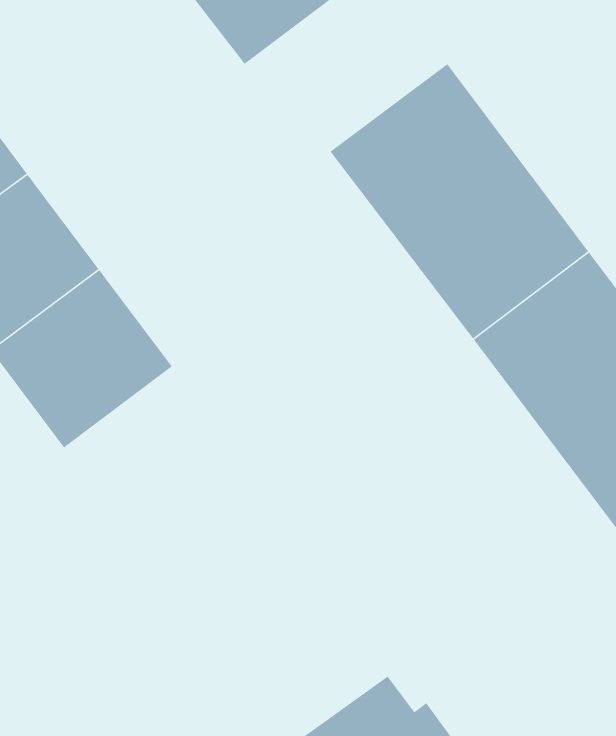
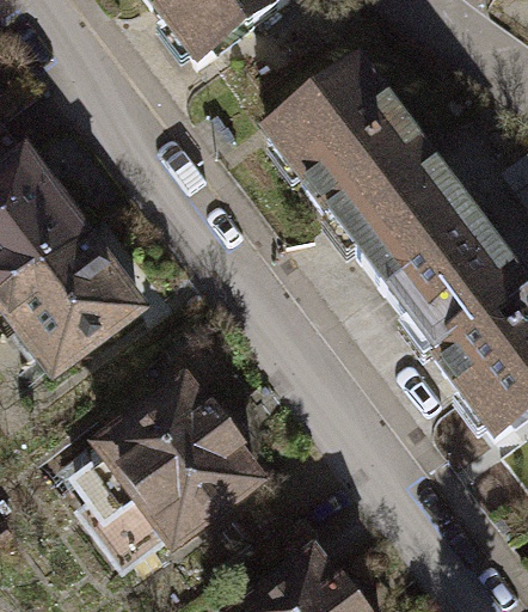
building: none -> [75,375,254,556]

